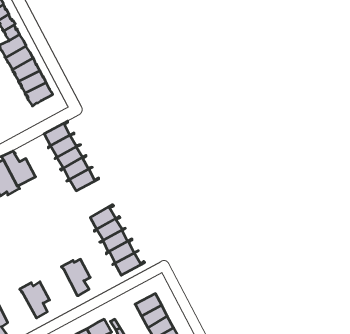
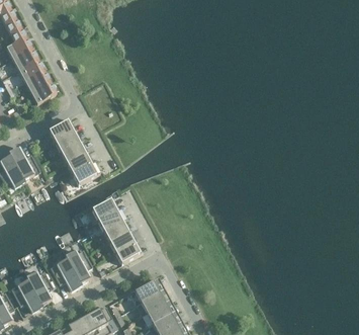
building: none -> [50,257,82,290]
building: none -> [11,278,43,312]

